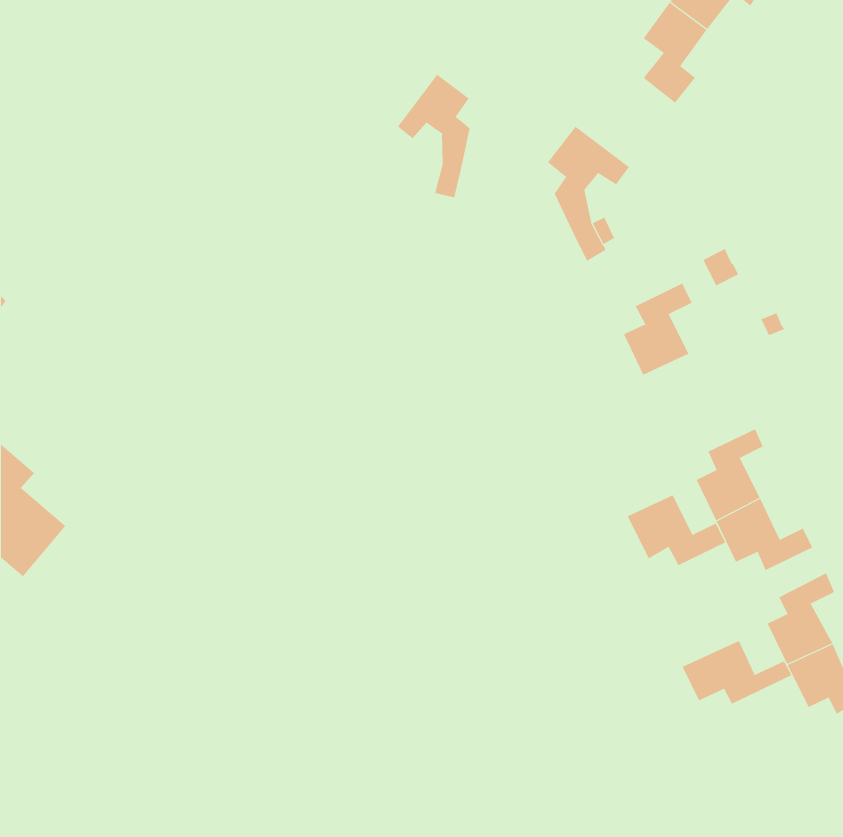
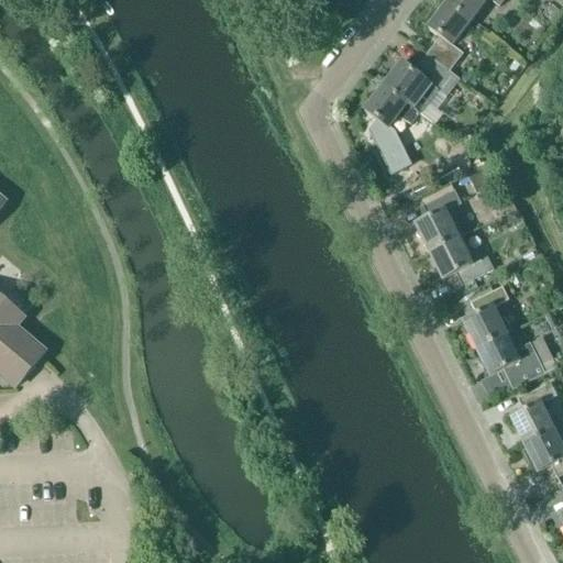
building: [397,74,470,198] -> none
building: none -> [384,52,461,111]
building: [627,495,726,566] -> [429,235,495,283]
building: [682,640,792,704] -> none

